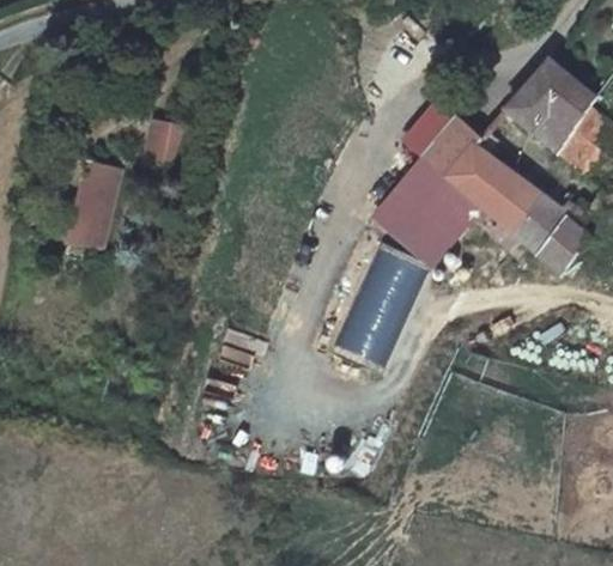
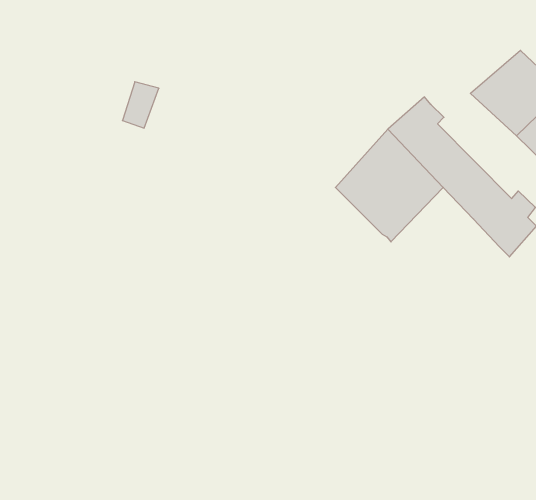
building: [71,163,122,243] -> none
building: [341,239,425,353] -> none

